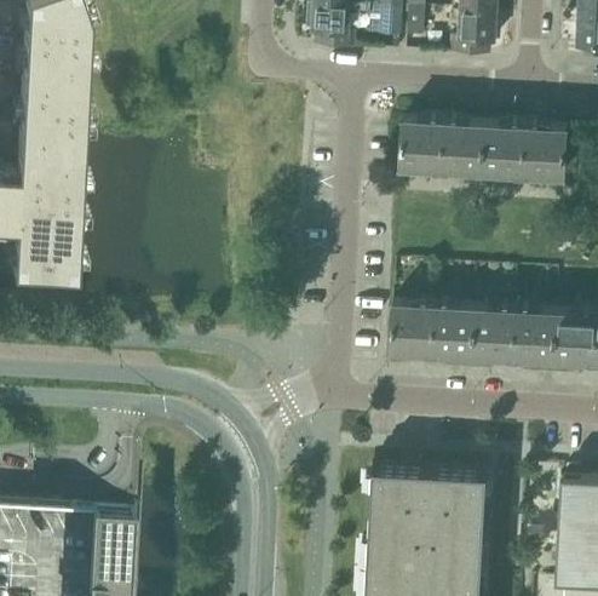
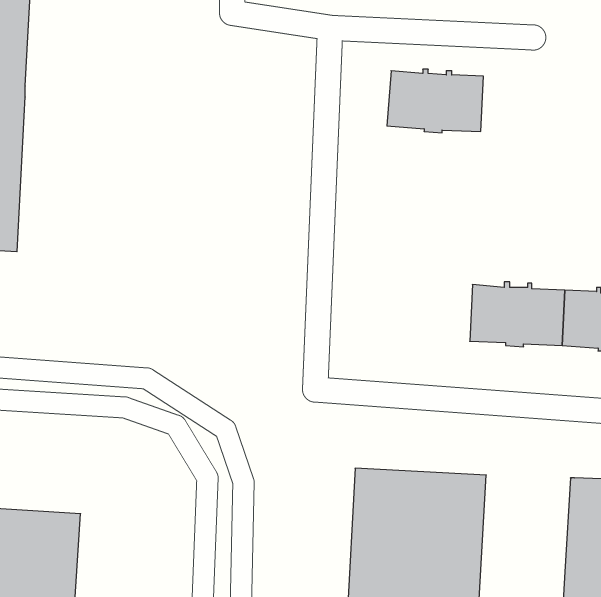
building: [483,125,568,180] -> none
building: [392,302,476,359] -> none

